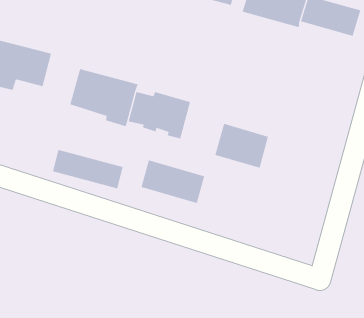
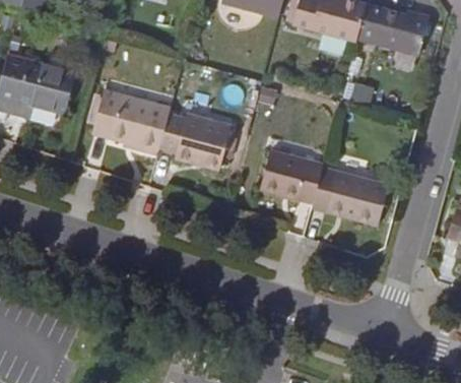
building: none -> [312,168,388,226]
building: [53,149,123,189] -> none
building: [141,159,205,204] -> none

